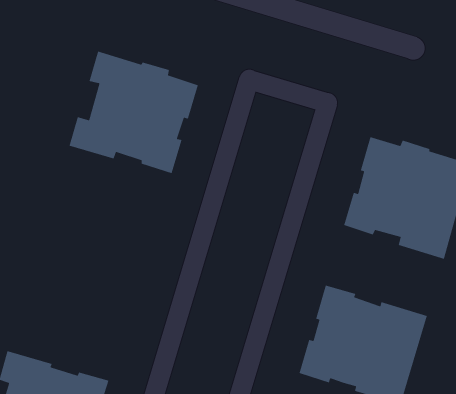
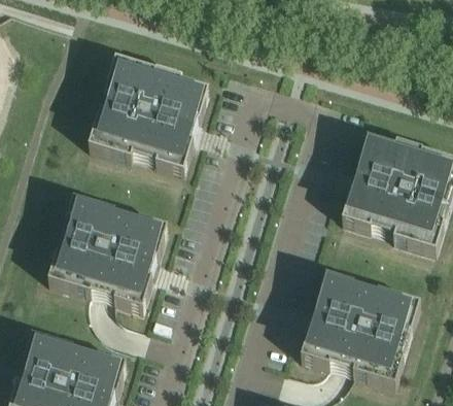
building: none -> [46,194,166,305]

